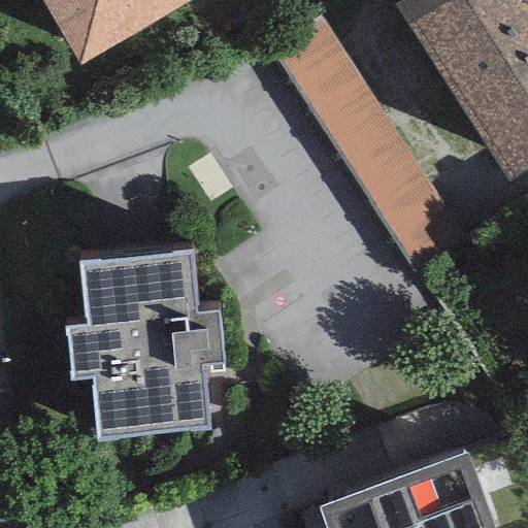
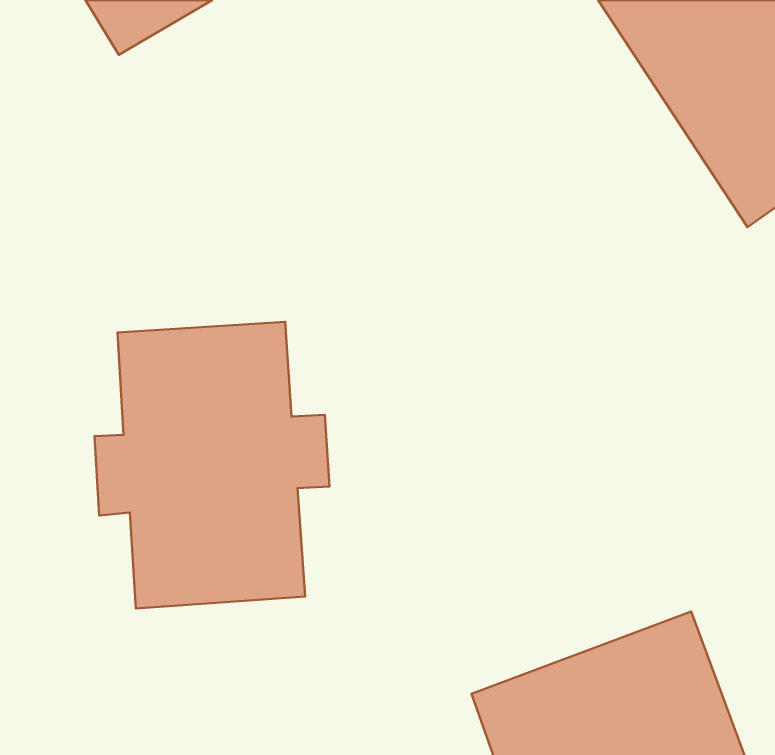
building: [276,26,467,278] -> none

